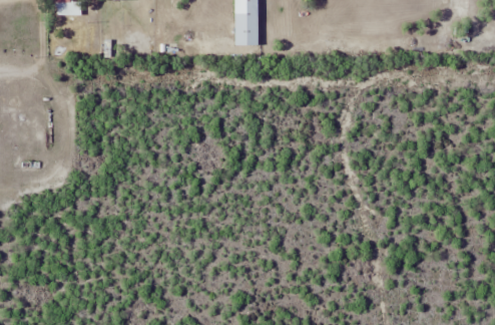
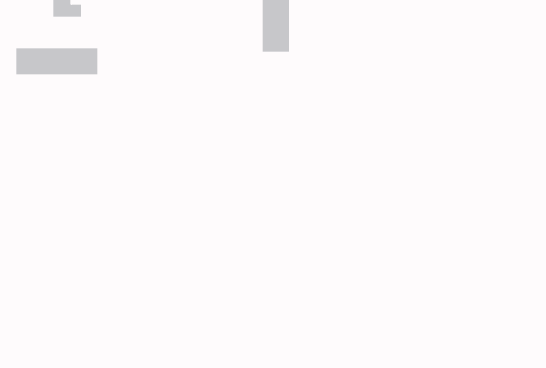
building: none -> [16,47,98,75]

